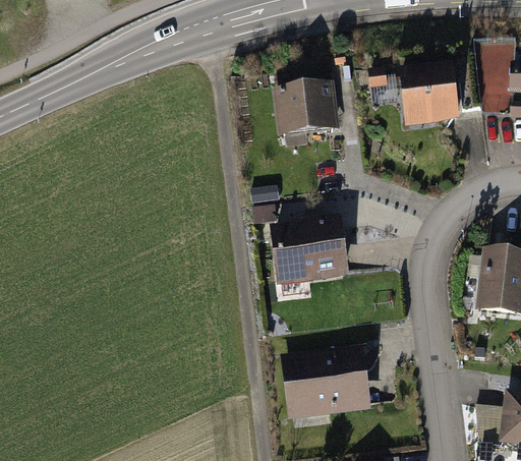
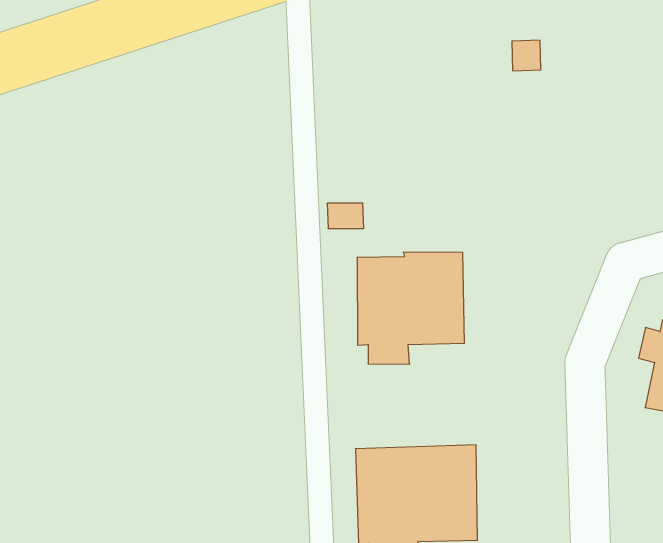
building: [399,56,460,124] -> none
building: [272,78,341,146] -> none

